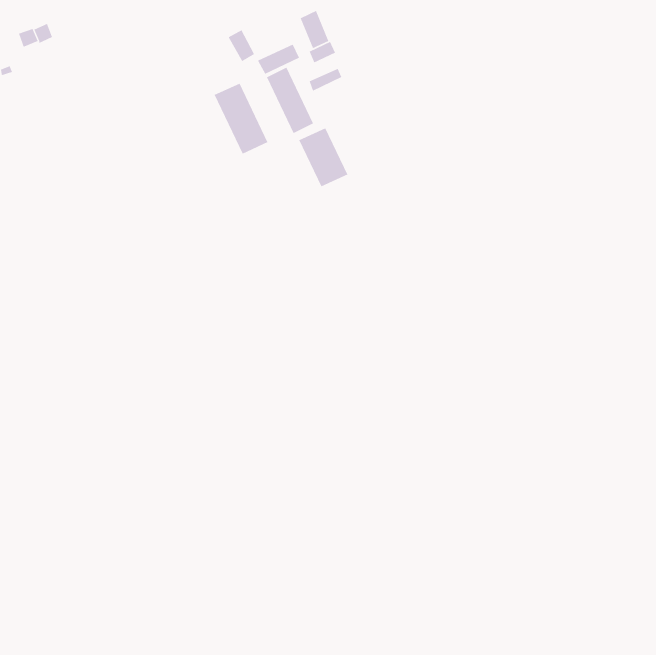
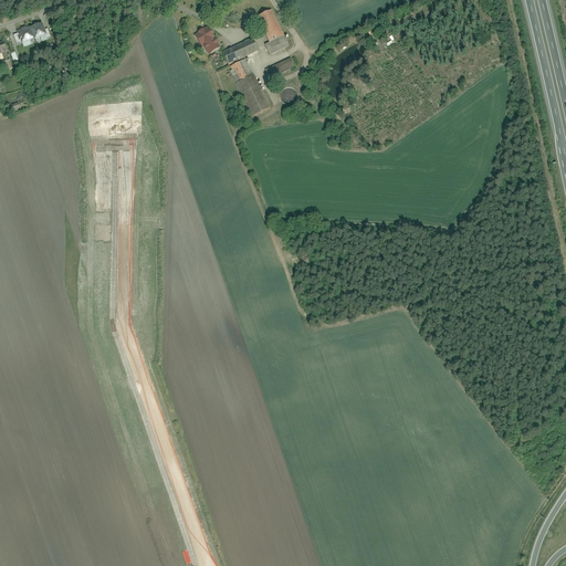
building: [214,83,268,154] -> none
building: [299,127,348,187] -> none

